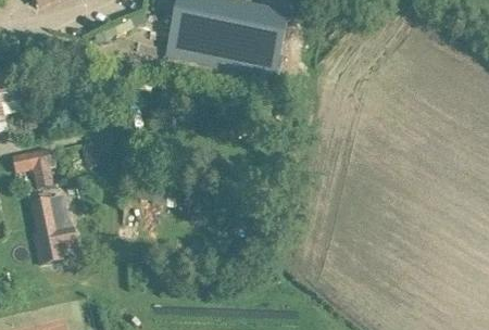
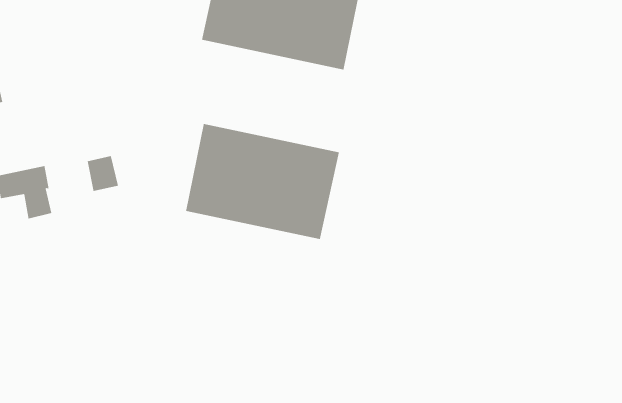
building: none -> [185,123,340,240]
building: [28,192,76,262] -> none

